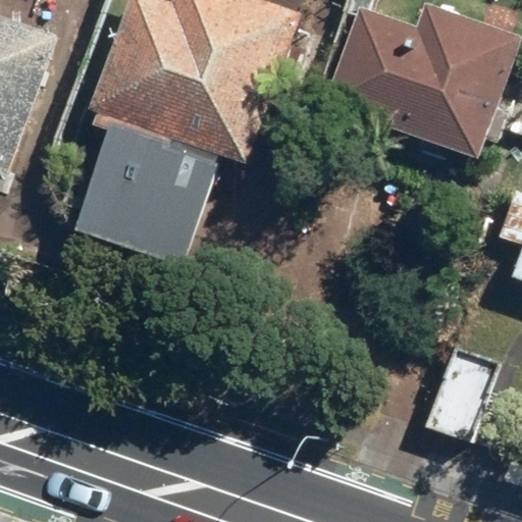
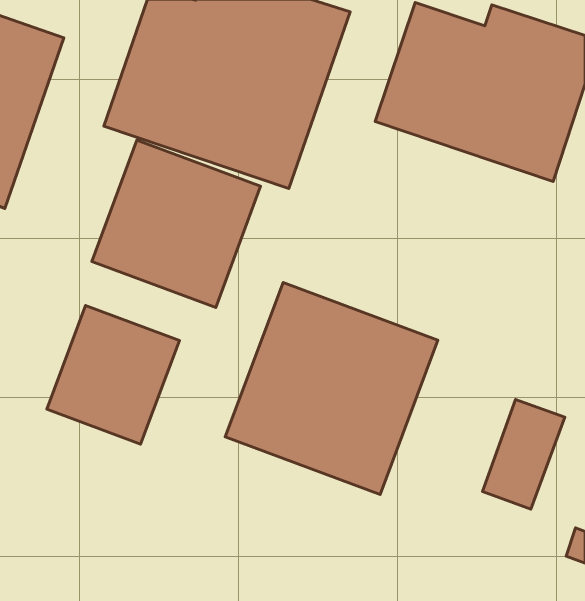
building: none -> [225,283,438,494]
building: none -> [47,306,179,444]

